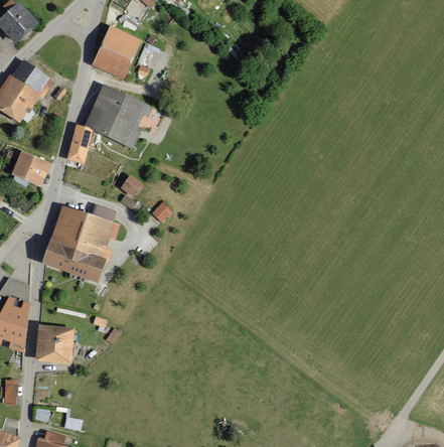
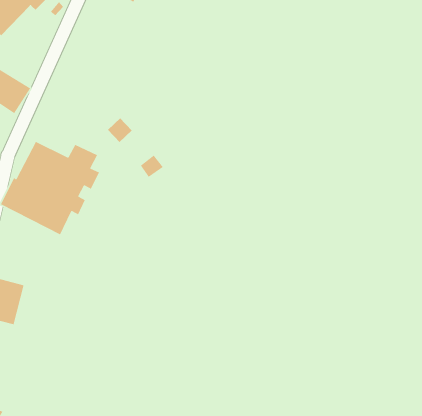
building: [89,86,149,144] -> none
building: [66,126,92,162] -> none

